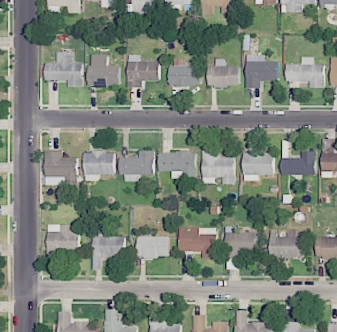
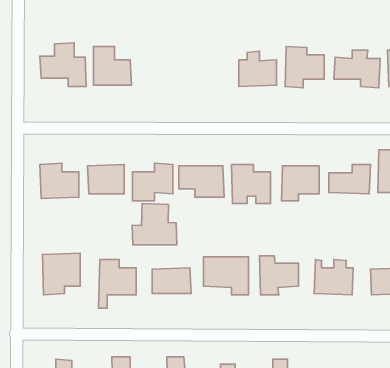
building: [126,55,158,87] -> none
building: [169,58,199,86] -> none
building: none -> [132,204,177,245]

